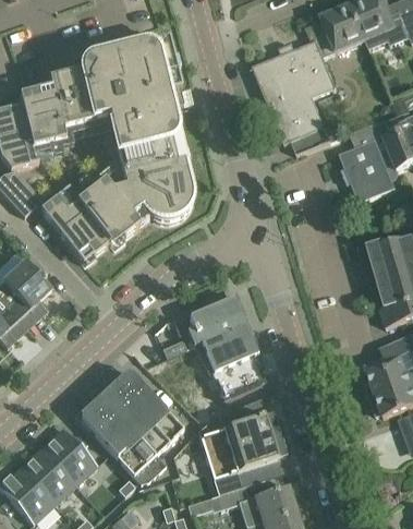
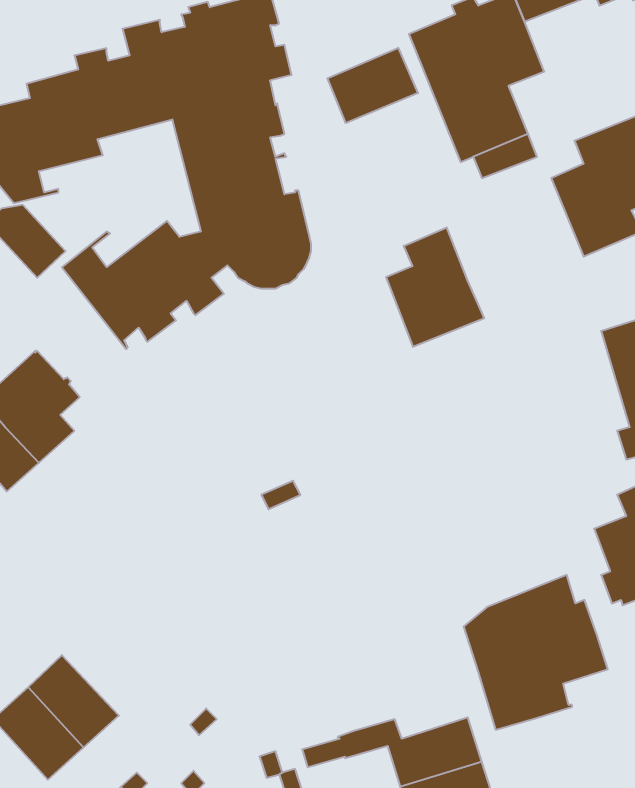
building: none -> [328,48,418,123]
building: none -> [386,227,484,347]
building: [186,294,267,401] -> none
building: [81,370,184,481] -> none
building: [198,397,287,492] -> [464,575,608,730]
building: [40,425,96,482] -> none

